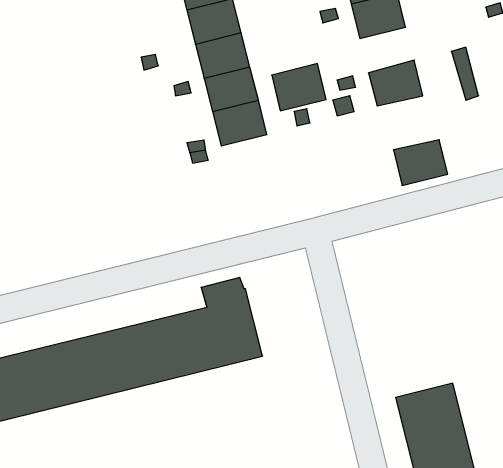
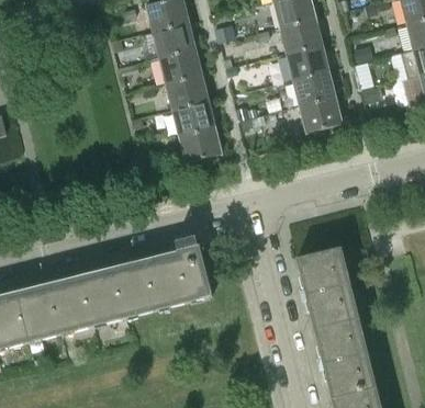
building: none -> [286,43,327,78]
building: [272,64,326,111] -> [179,125,221,161]
building: [393,140,448,186] -> [299,95,340,131]
building: none -> [295,246,357,327]

